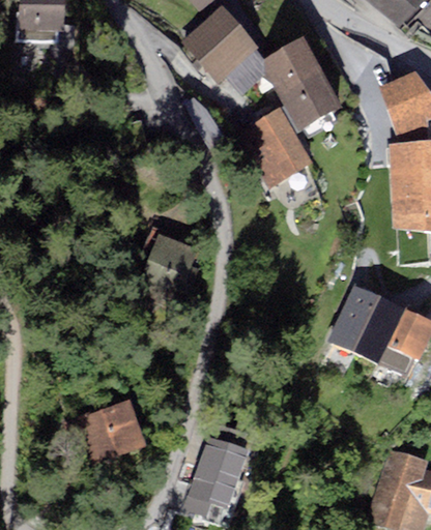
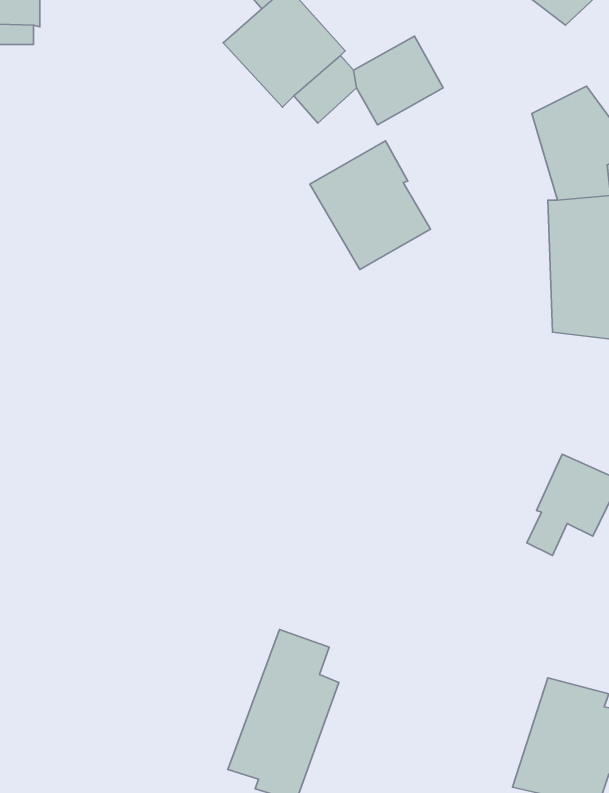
building: [280,70,343,130] -> none
building: [138,231,200,300] -> none
building: [325,284,399,366] -> none
building: [74,399,148,468] -> none

